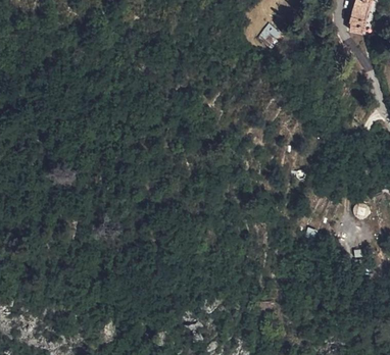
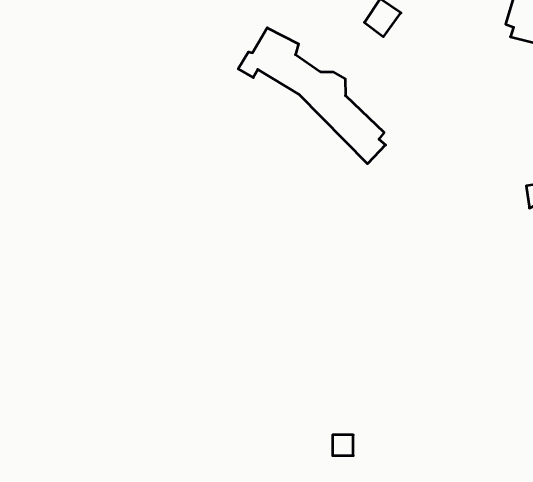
building: none -> [238,28,386,164]

